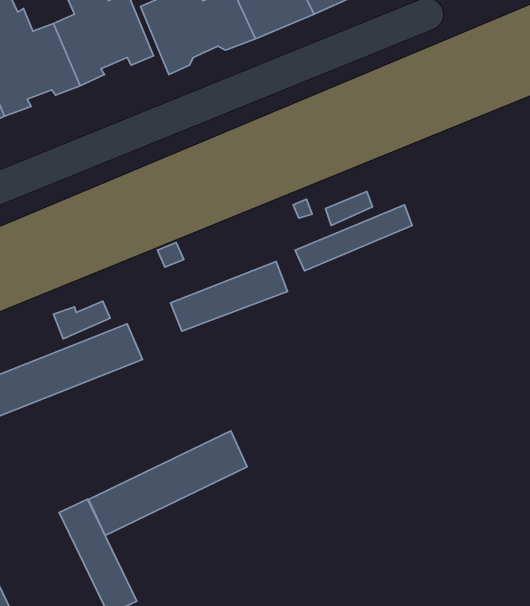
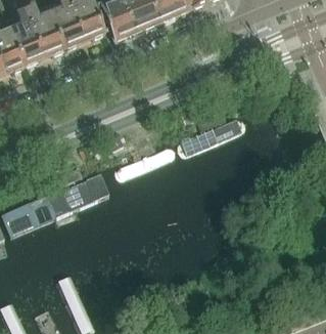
building: [89,431,247,535] -> none

